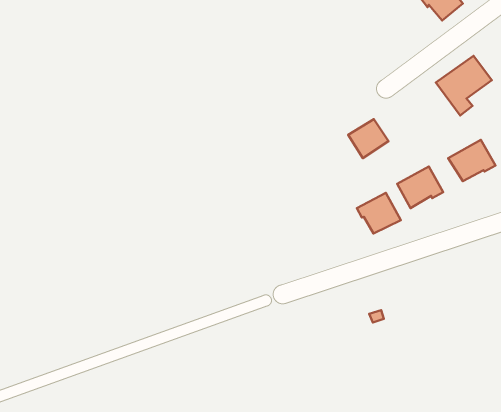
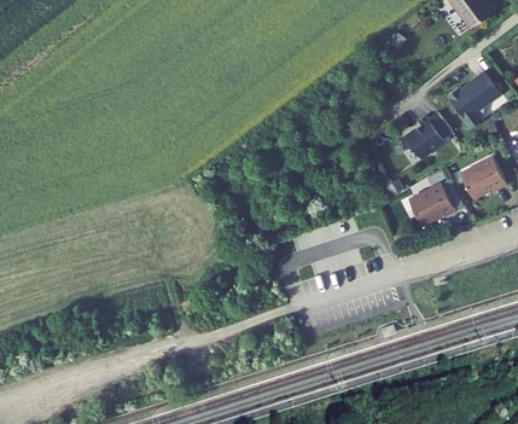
building: [348,119,388,158] -> [408,120,448,158]
building: [357,193,401,234] -> none

